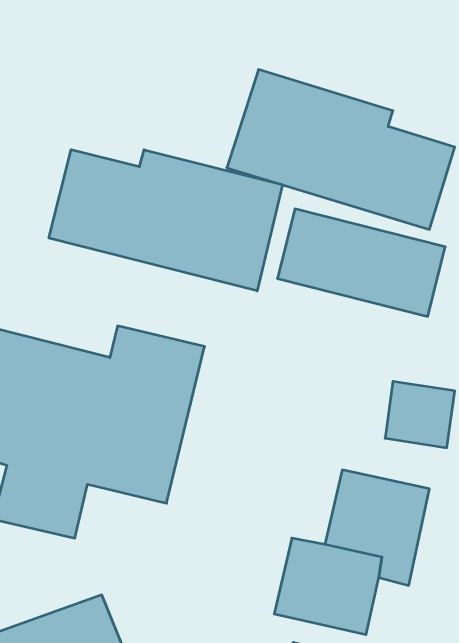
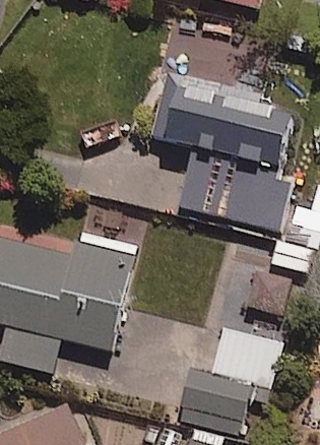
building: [49,150,282,291] -> none

